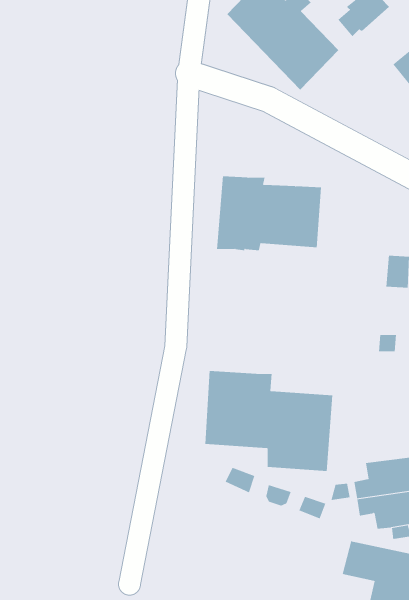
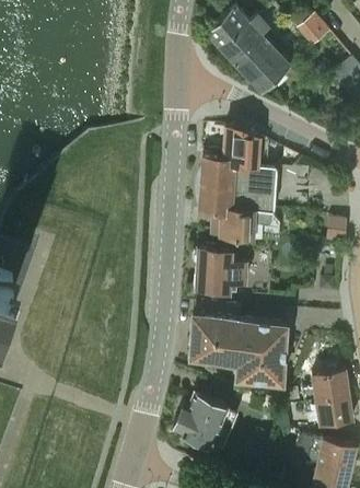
building: none -> [223,127,260,165]
building: none -> [212,209,281,240]
building: none -> [194,247,247,307]
building: none -> [174,394,228,448]

